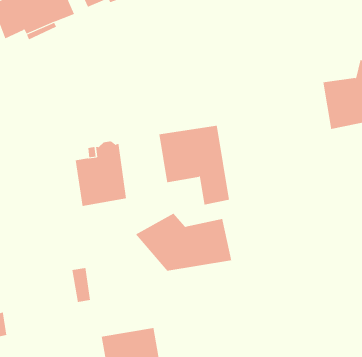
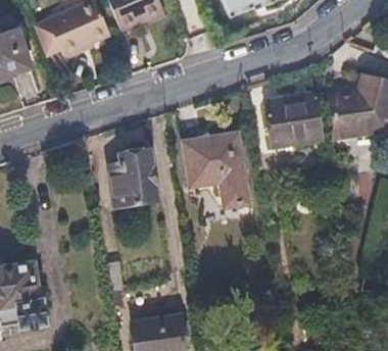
building: none -> [266,95,325,146]
building: [135,213,232,271] -> none

